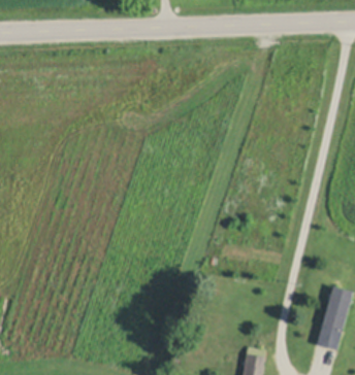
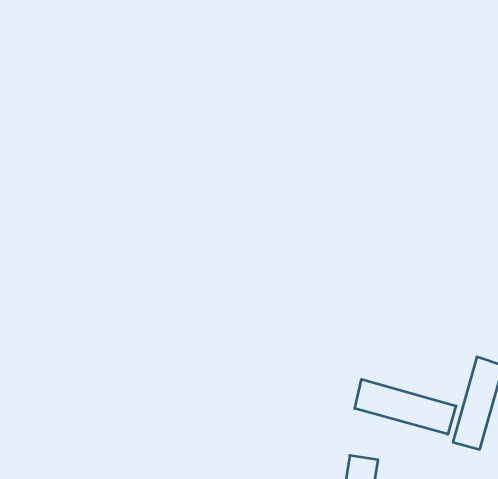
building: none -> [355,379,456,434]

